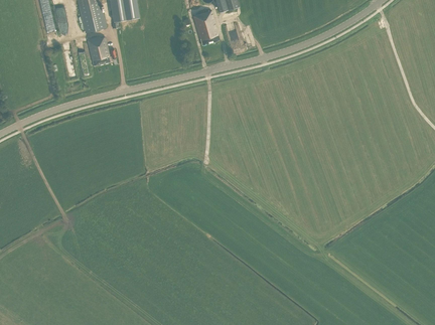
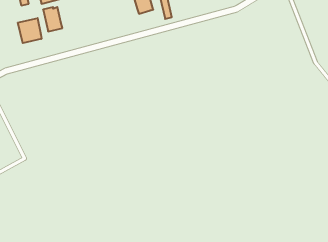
building: none -> [18,18,41,43]

